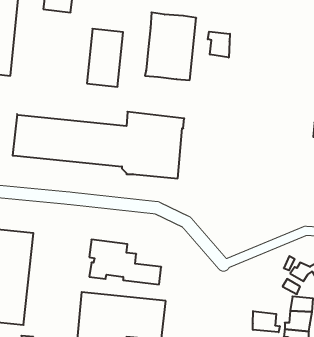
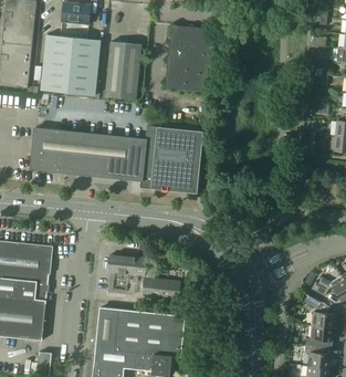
building: none -> [41,34,101,95]
building: [208,32,230,58] -> none
building: [253,311,280,332] -> none

